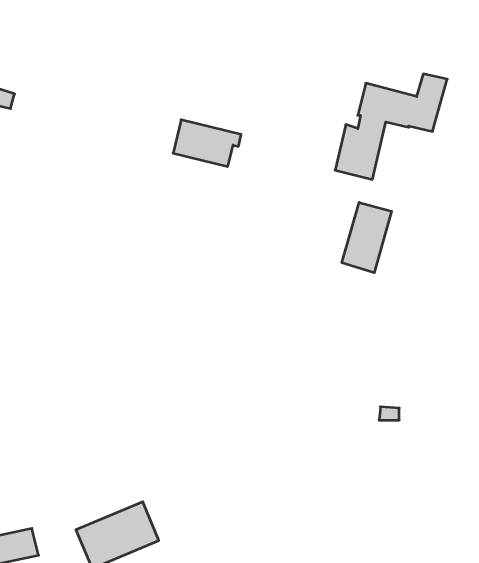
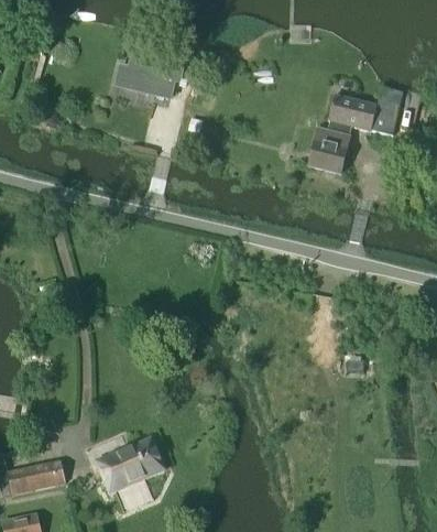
building: [173,120,241,166] -> [125,58,182,97]
building: [342,202,392,273] -> none

